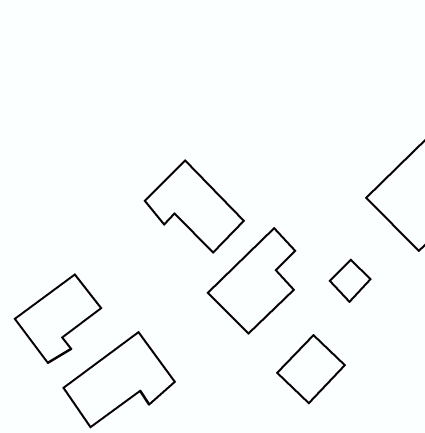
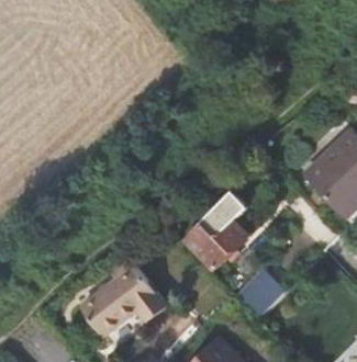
building: [145,161,244,253] -> none
building: [15,274,101,363] -> none

